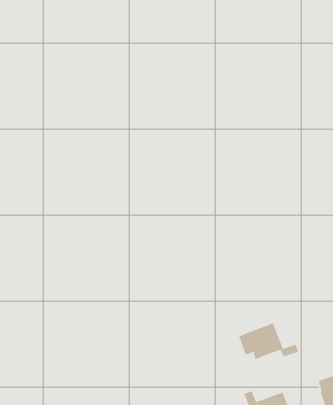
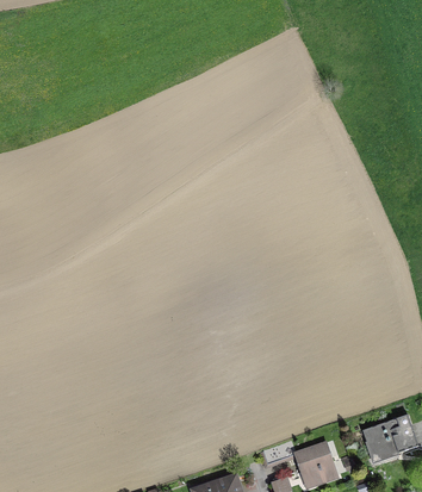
building: [238,323,299,360] -> none

